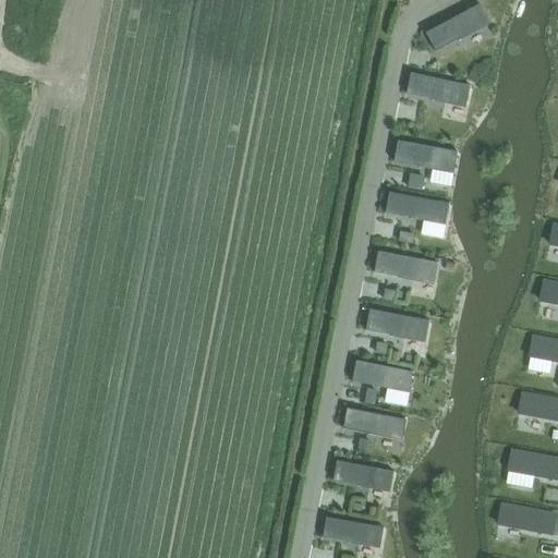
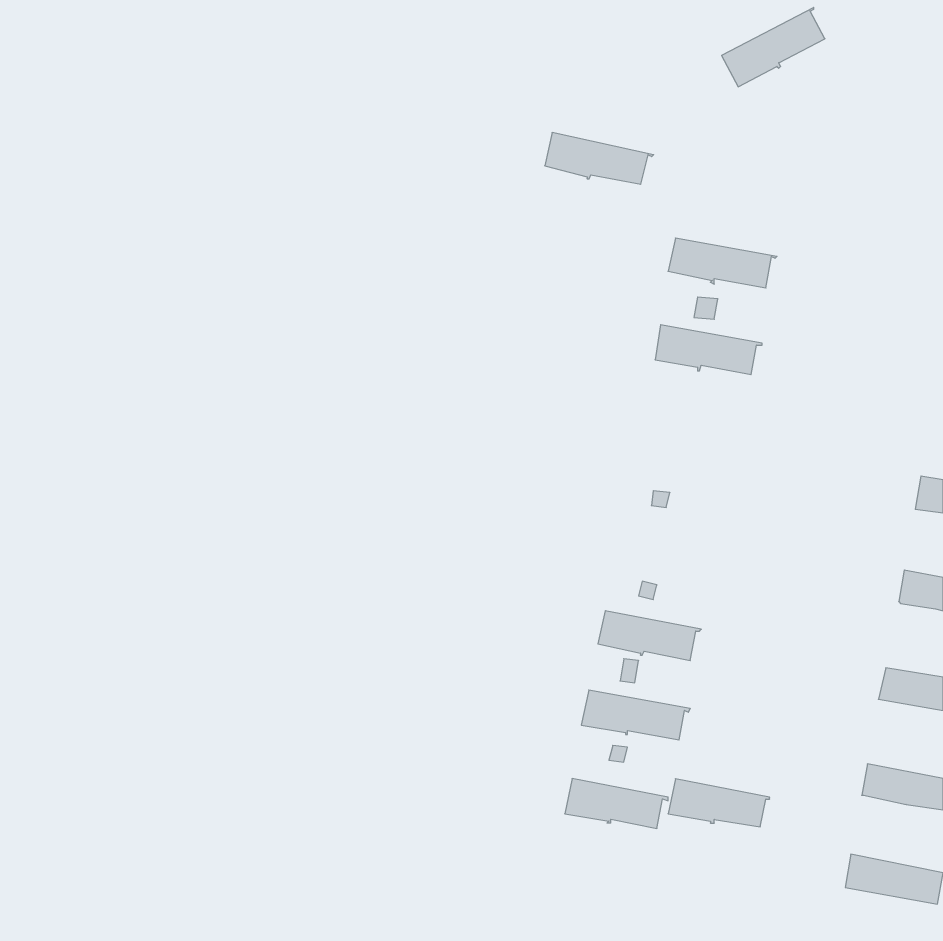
building: [408,73,472,104] -> [545,133,654,184]
building: [375,251,438,281] -> none
building: [367,310,430,339] -> none
building: [324,517,384,545] -> [668,779,770,827]

